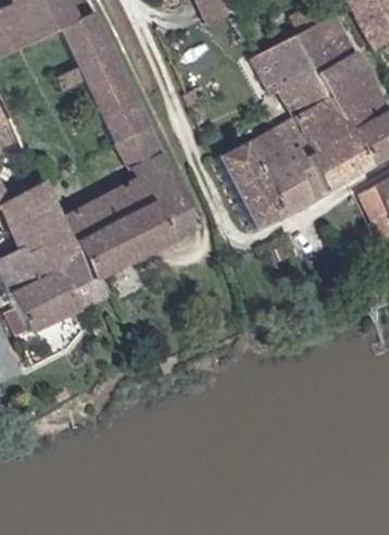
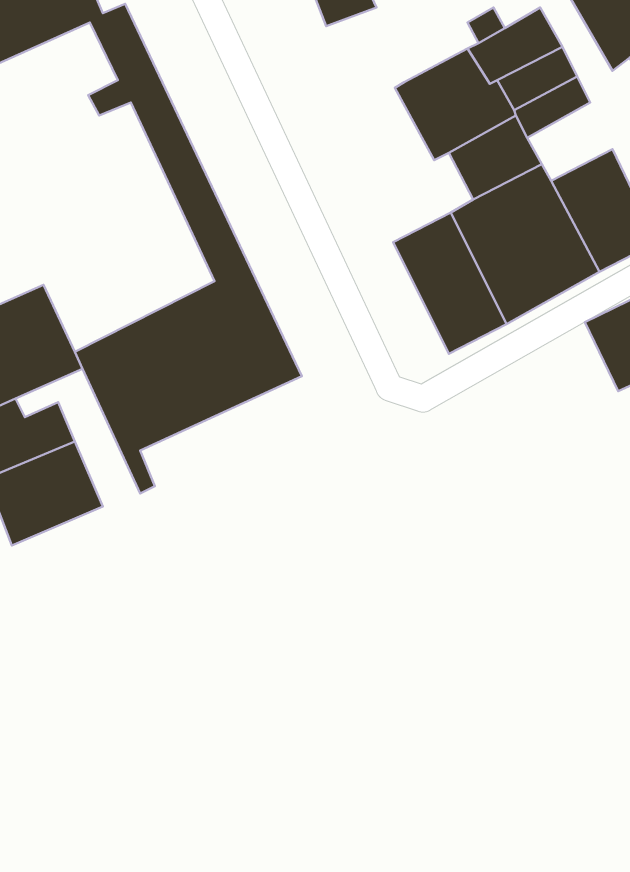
building: [327,69,377,114] -> none
building: [216,145,281,229] -> none
building: [28,224,101,304] -> none

